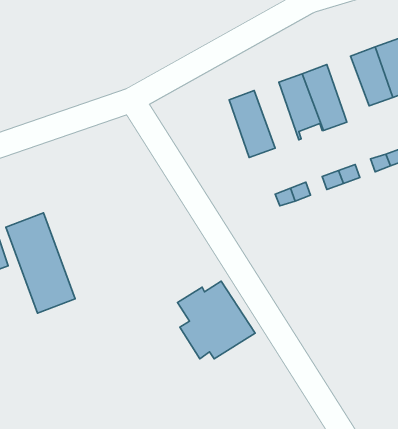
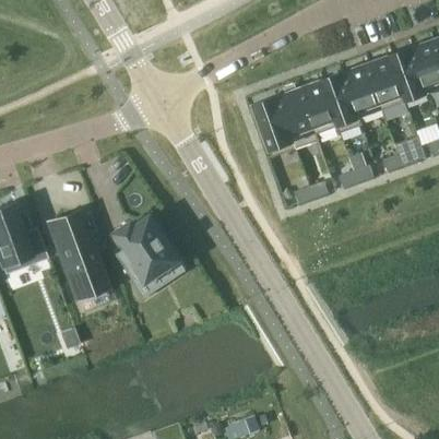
building: none -> [343,64,382,119]
building: none -> [275,88,317,150]
building: [178,281,255,359] -> [110,214,182,286]

